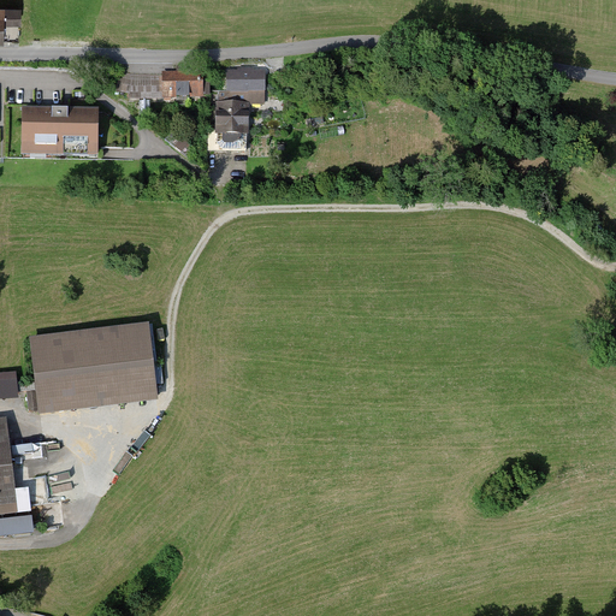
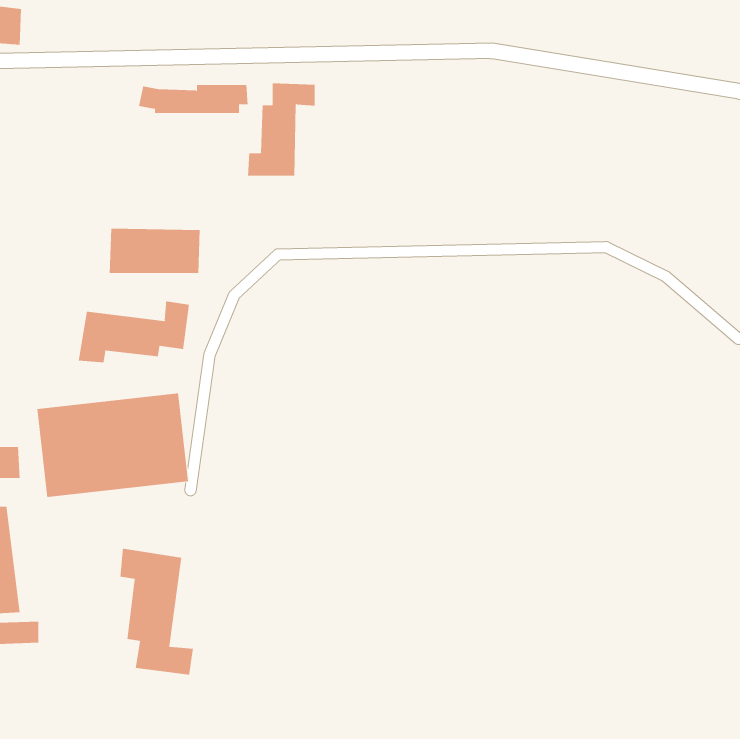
building: [20,107,96,144] -> [109,228,200,273]
building: none -> [78,301,190,363]
building: none -> [120,548,194,675]

